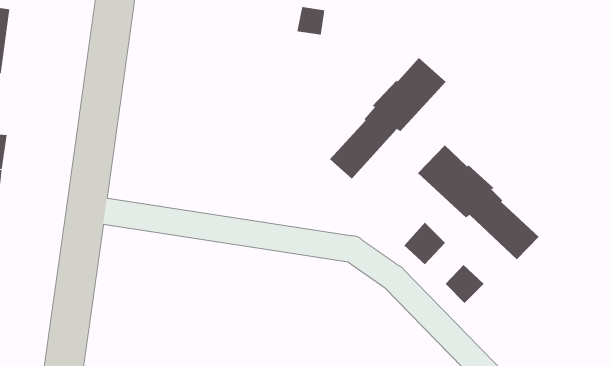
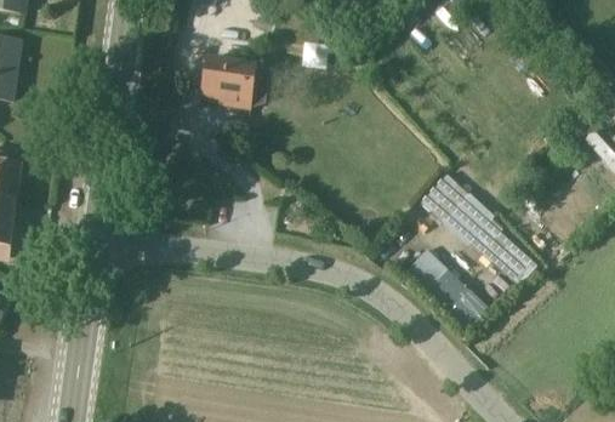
building: none -> [201,57,267,104]
building: [329,57,447,179] -> none

